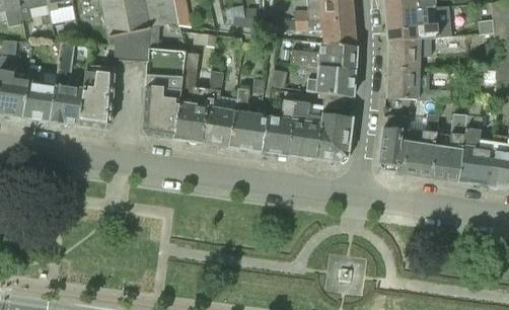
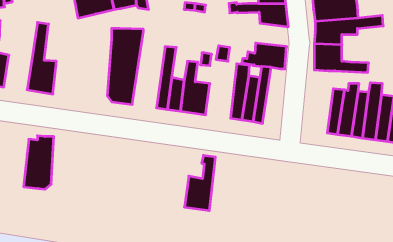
building: [108,25,158,61] -> none
building: [290,43,356,70] -> none
building: [172,52,209,142] -> none
building: [21,66,55,121] -> none
building: [79,66,115,129] -> [24,136,54,189]
building: [259,89,295,154] -> [184,155,215,211]
building: [325,94,352,162] -> none
building: [378,113,410,171] -> none

